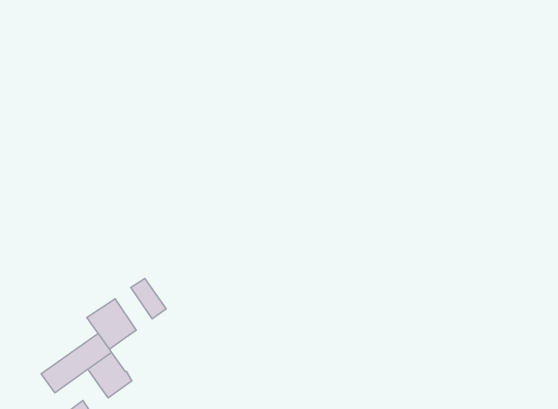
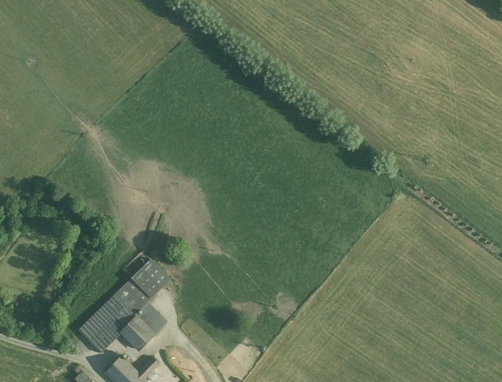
building: none -> [132,267,161,297]
building: none -> [78,294,124,340]
building: none -> [134,304,163,333]

